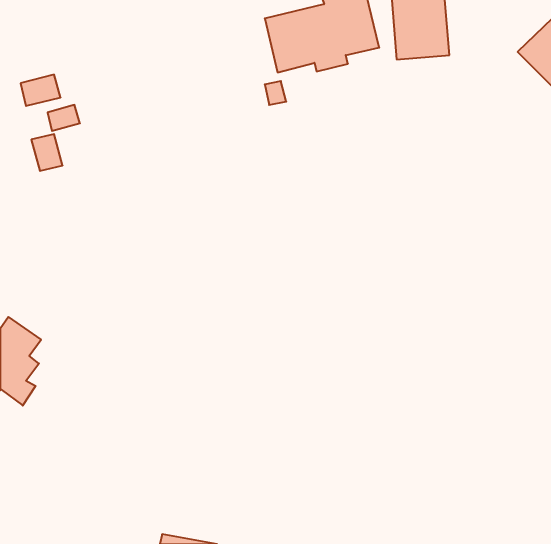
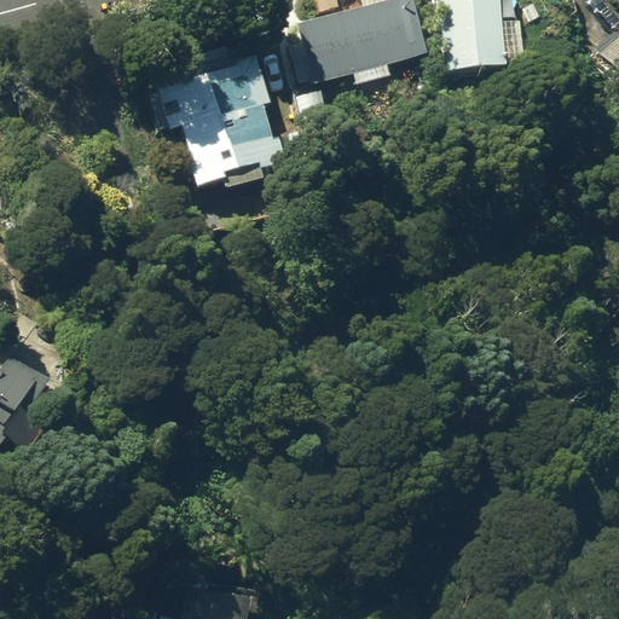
building: none -> [167,48,284,186]

